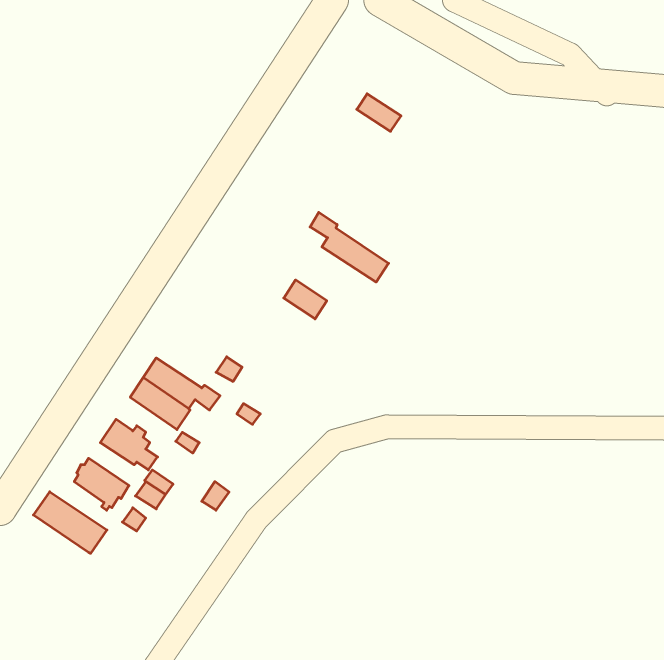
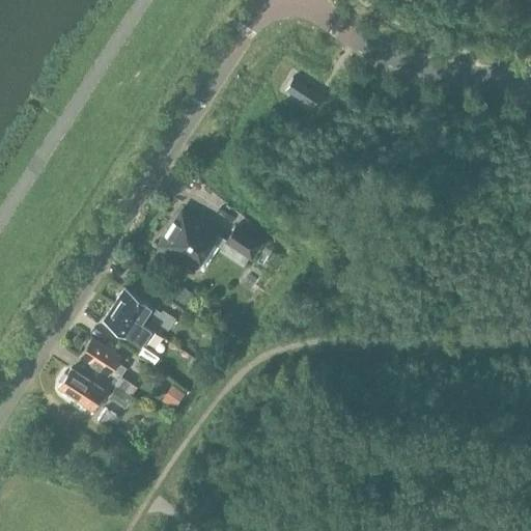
building: [310,212,389,282] -> none
building: none -> [160,213,217,269]
building: [33,492,107,553] -> none

